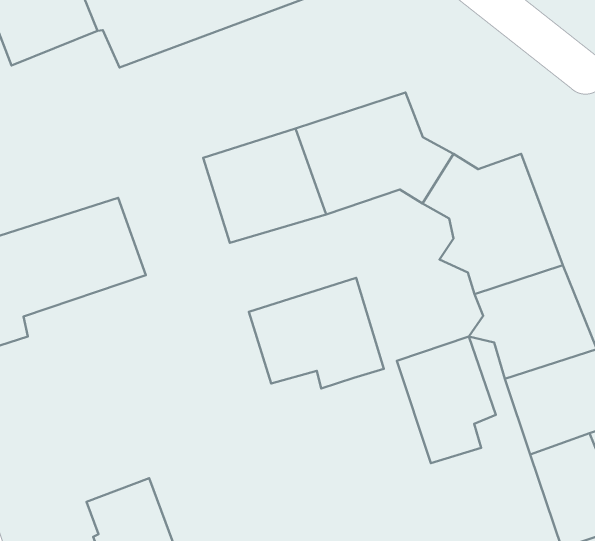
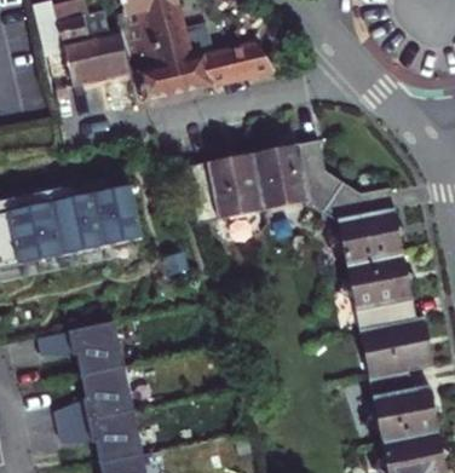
building: [249,278,384,389] -> none
building: [397,337,496,463] -> none
building: none -> [68,319,123,375]

